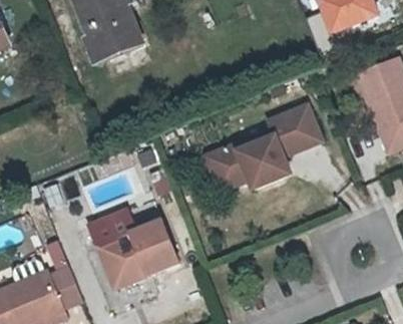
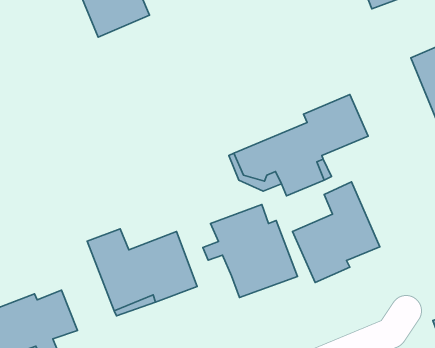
building: none -> [292,182,380,282]
building: none -> [203,204,297,298]

